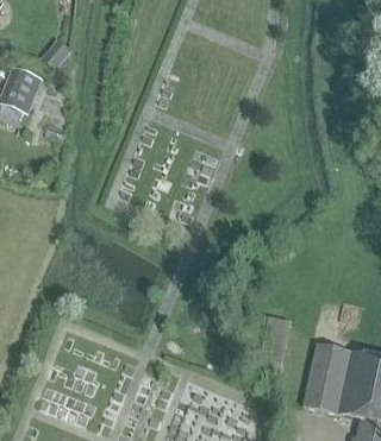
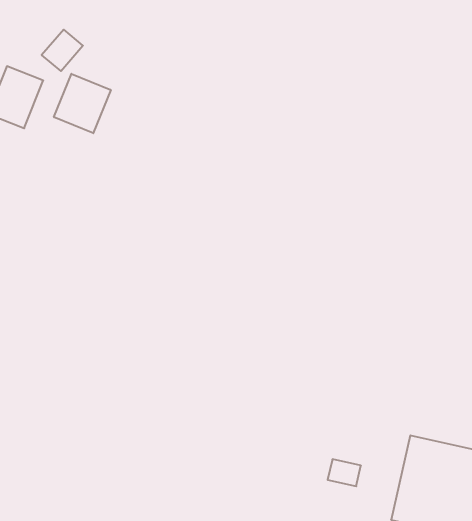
building: none -> [54,74,111,133]

